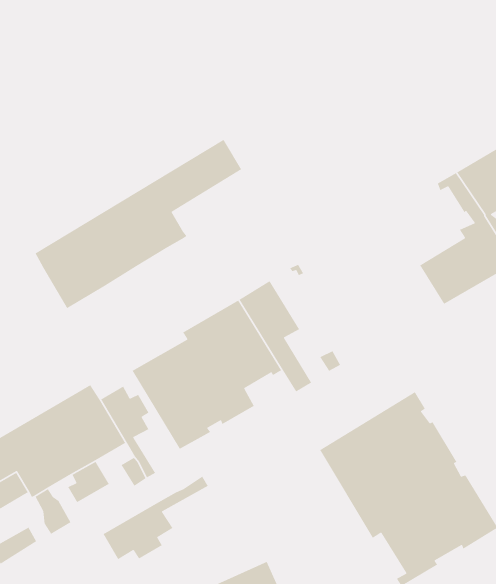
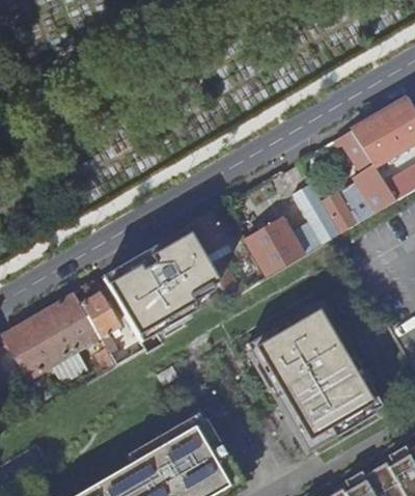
building: [35,139,242,309] -> none
building: none -> [246,184,340,276]
building: [103,476,209,560] -> none

